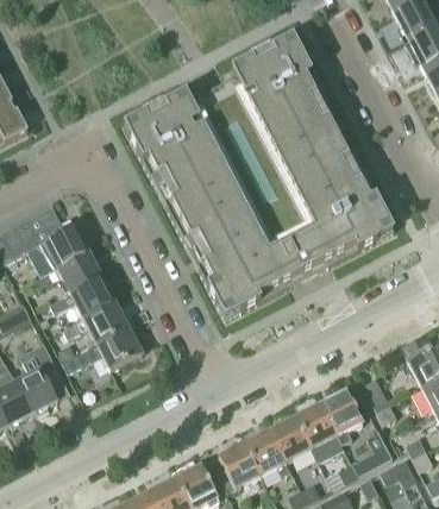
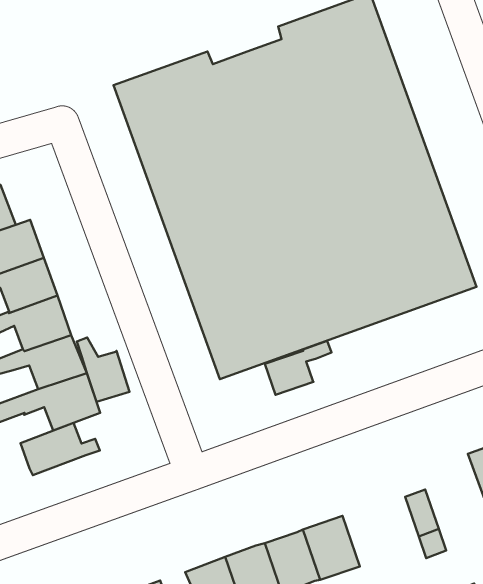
building: none -> [265,341,331,395]
building: none -> [77,338,129,402]
building: none -> [20,423,100,475]
building: [320,390,362,444] -> none

